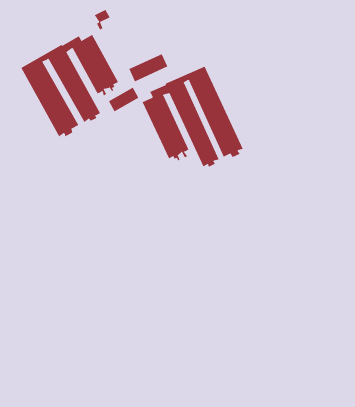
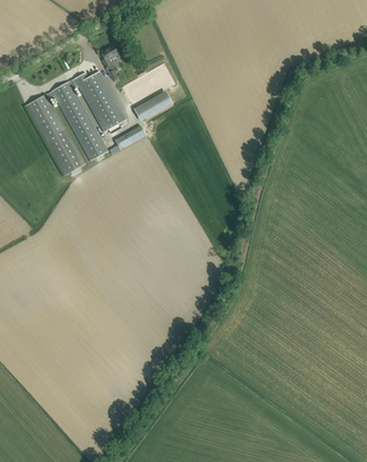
building: [142,66,243,168] -> none

